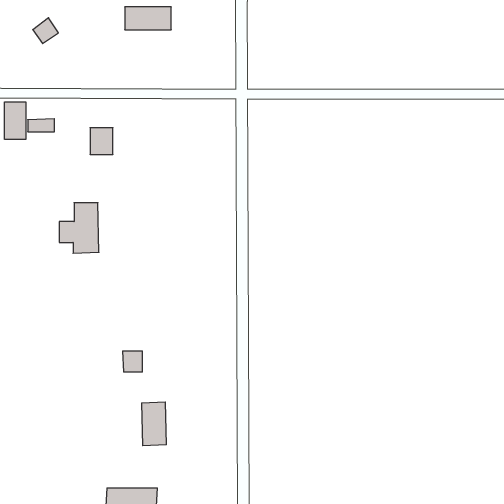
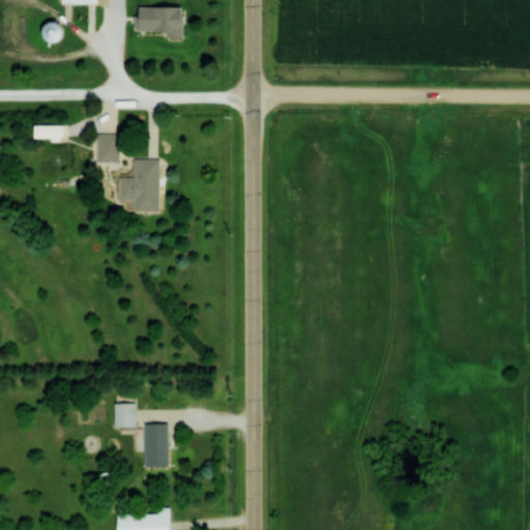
building: [5,102,26,139] -> none
building: [59,203,99,253] -> [118,160,159,213]
building: [123,351,142,372] -> [120,405,141,426]

